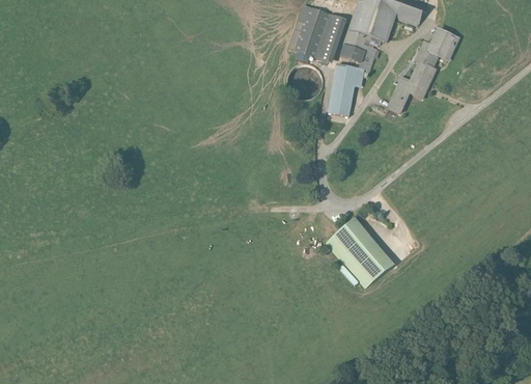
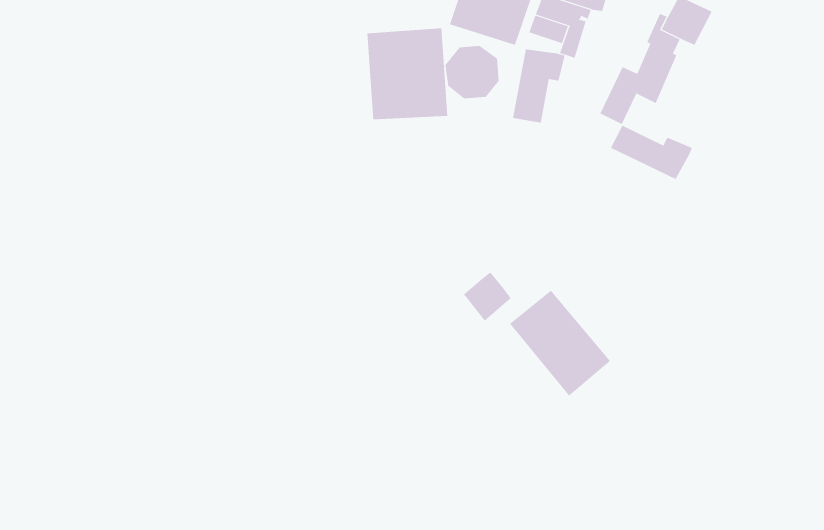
building: none -> [367,27,448,120]
building: none -> [610,125,693,180]
building: none -> [463,271,511,321]

